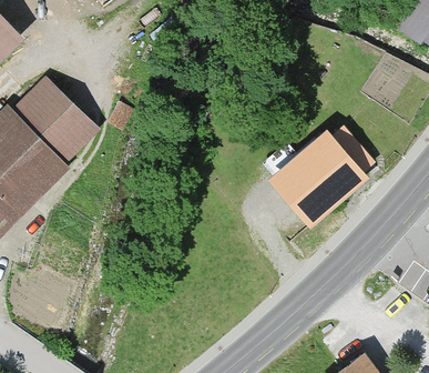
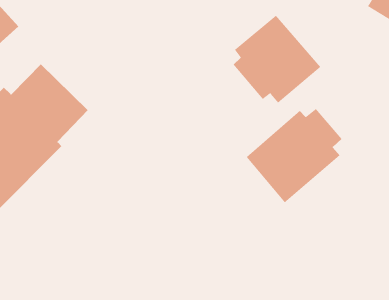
building: none -> [233,15,321,104]

